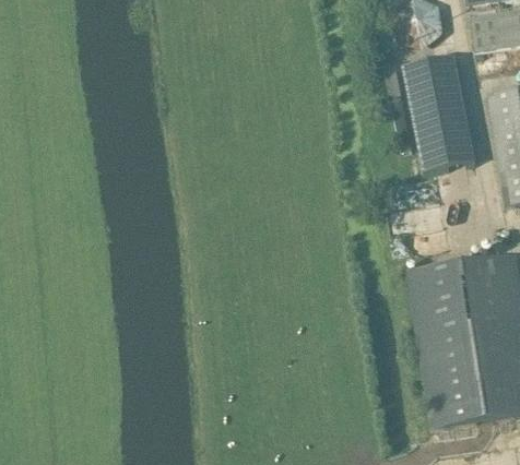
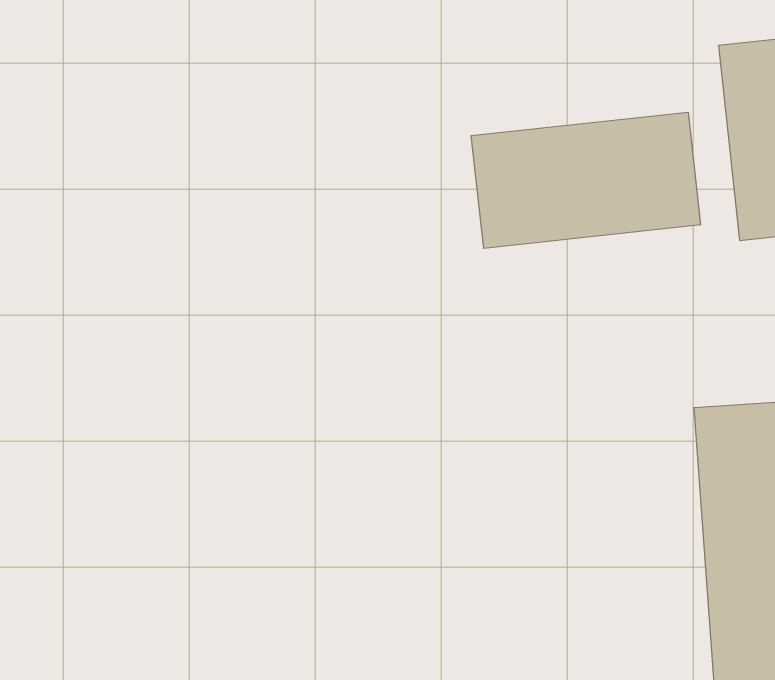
building: none -> [471,112,700,248]

